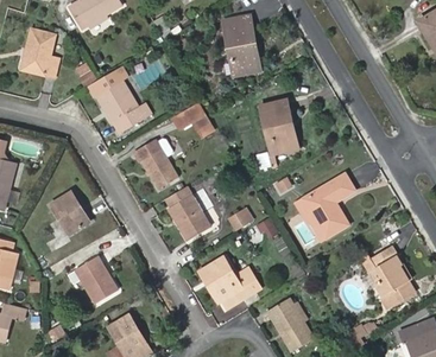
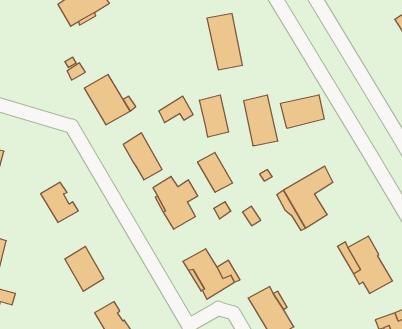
building: [23,26,56,75] -> none
building: none -> [281,95,324,128]
building: none -> [200,95,229,137]
building: none -> [198,152,233,192]

